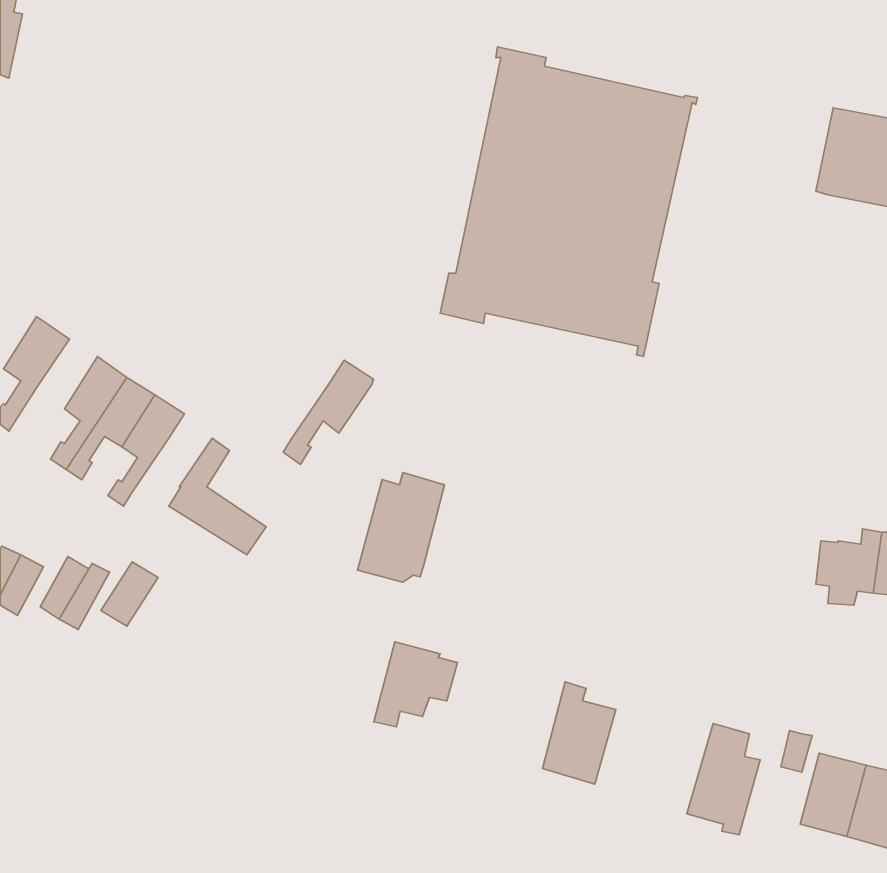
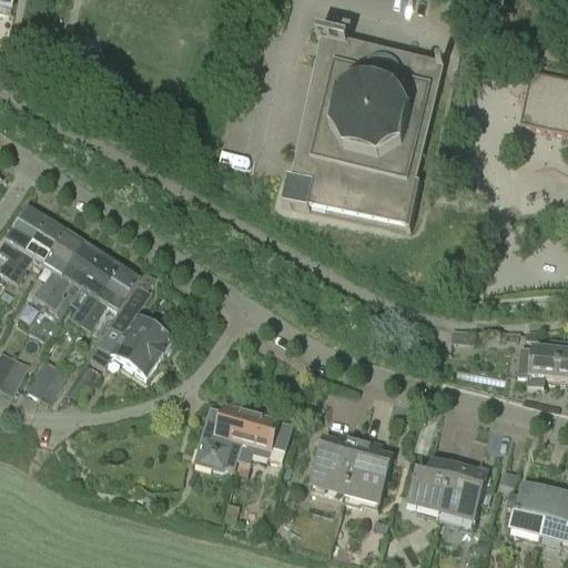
building: none -> [7,216,63,281]
building: [283,360,374,464] -> [80,264,138,331]
building: [358,473,445,582] -> [197,402,253,471]
building: none -> [88,323,159,375]
building: none -> [313,432,362,490]
building: none -> [408,455,456,519]

